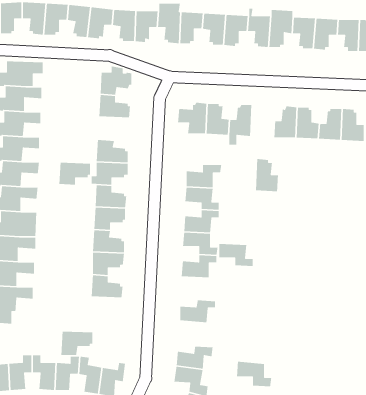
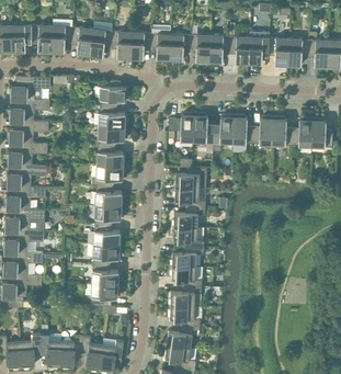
building: [255,158,279,192] -> [232,114,253,144]
building: [58,162,91,186] -> [98,125,126,146]
building: [218,243,253,267] -> [171,265,202,286]
building: [61,331,93,356] -> [91,283,120,305]
building: [236,361,272,387] -> [169,304,201,327]

